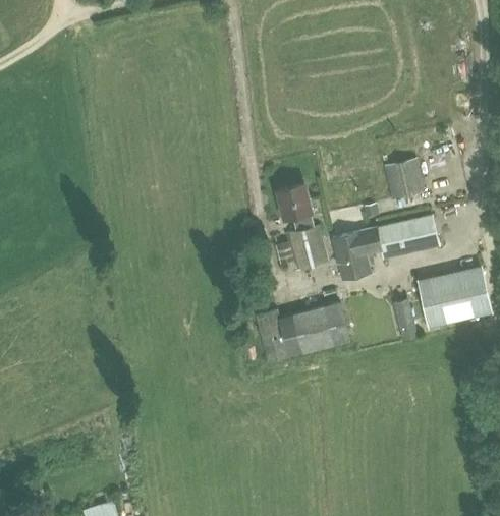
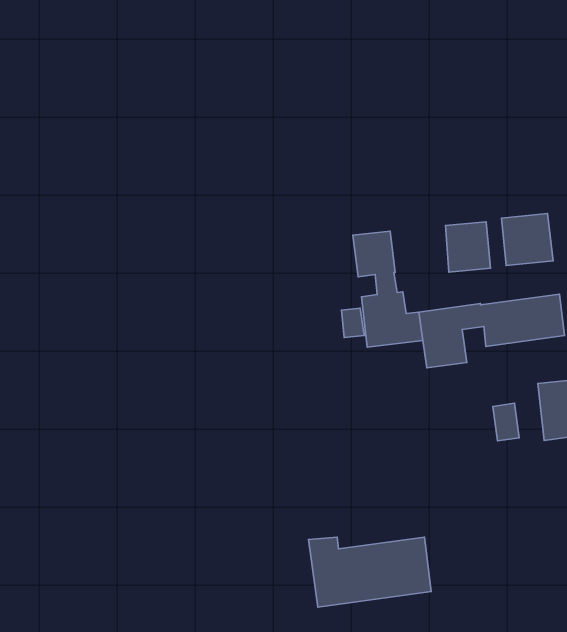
building: none -> [445,222,491,272]
building: [257,301,349,360] -> [309,537,431,607]

